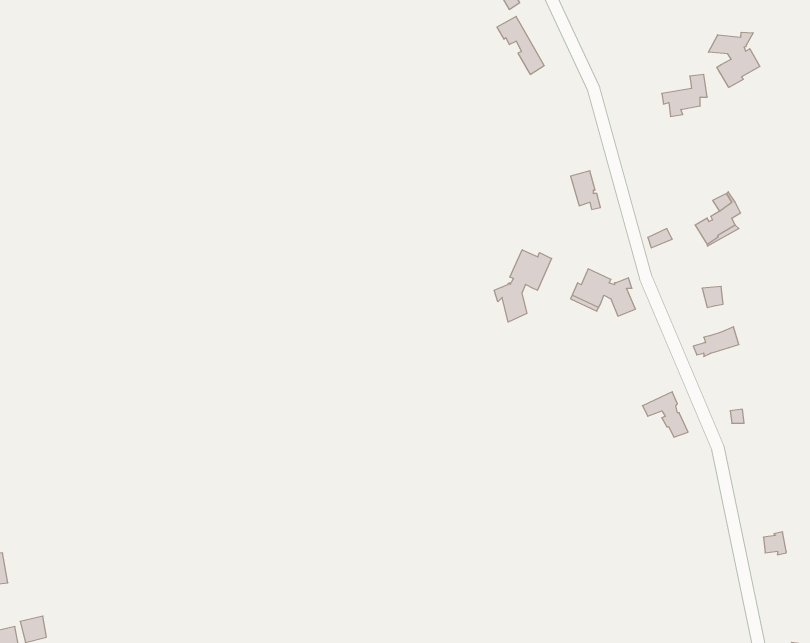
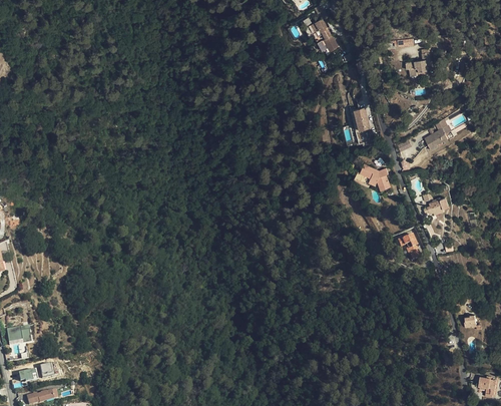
building: [708,32,760,87] -> none
building: [494,250,552,322] -> none

